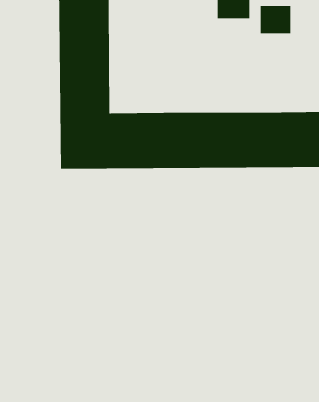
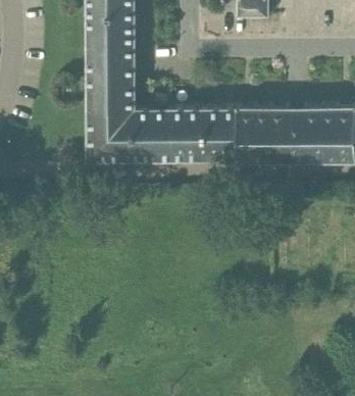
building: [260,5,291,34] -> none

